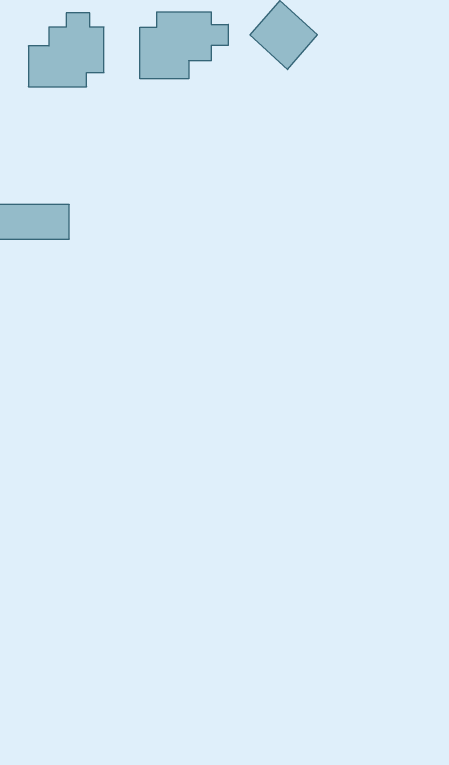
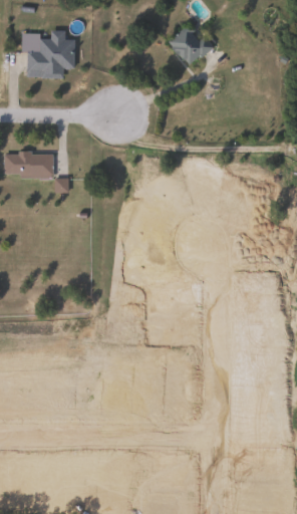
building: [140,12,228,79] -> none

